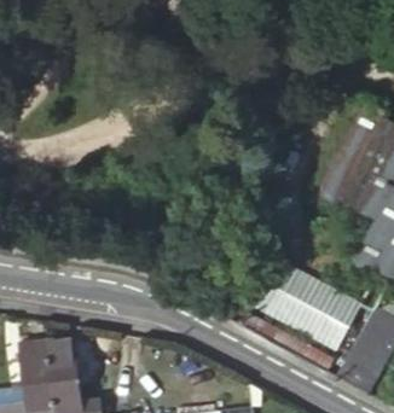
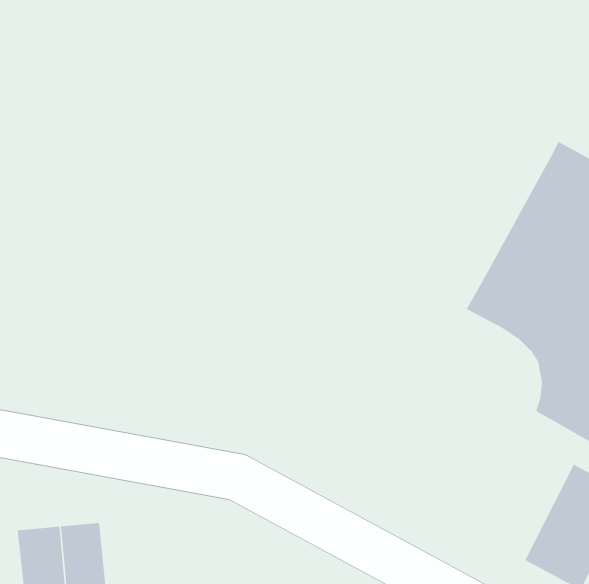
building: [253,252,366,351] -> none

